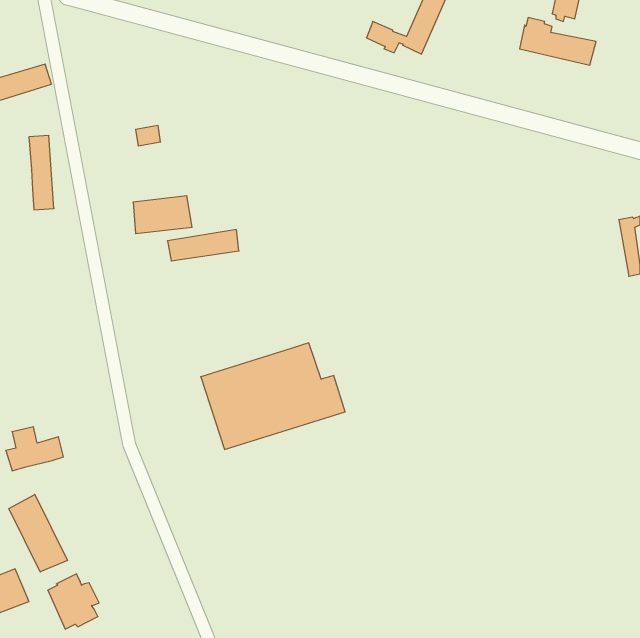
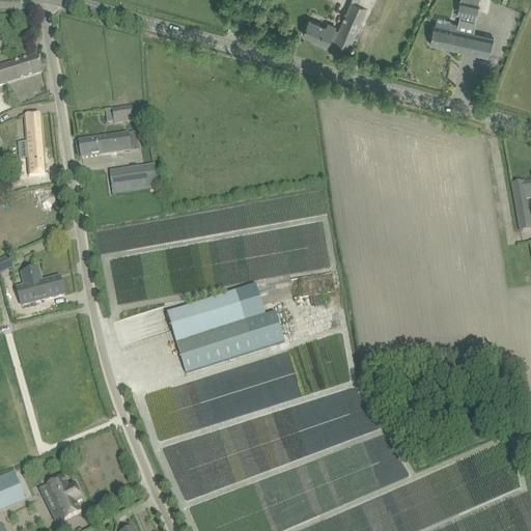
building: [167,230,239,261] -> [78,130,137,156]
building: [6,427,63,471] -> [16,267,63,303]
building: [9,494,68,572] -> none

